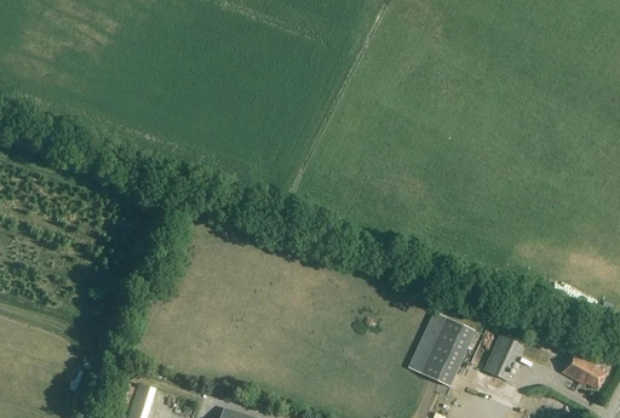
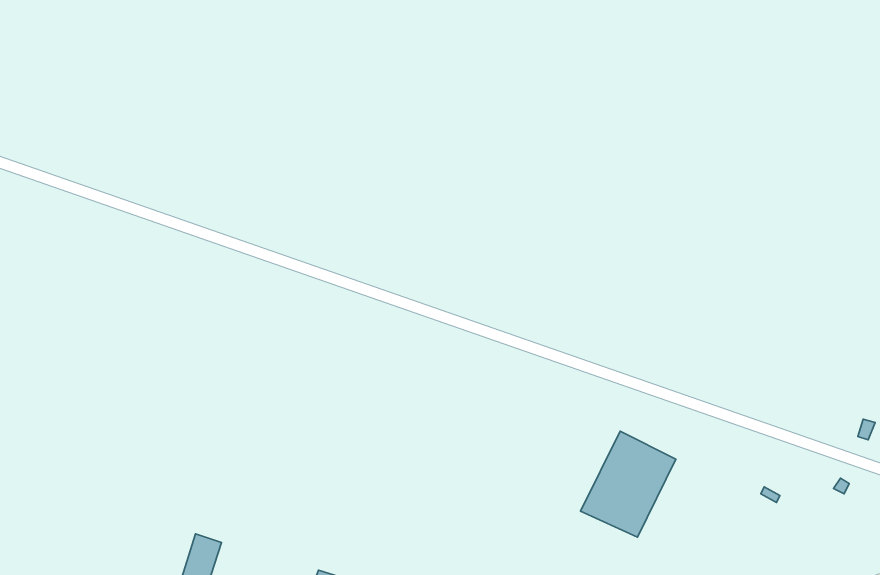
building: [482,334,519,379] -> none
building: [561,351,605,390] -> none

